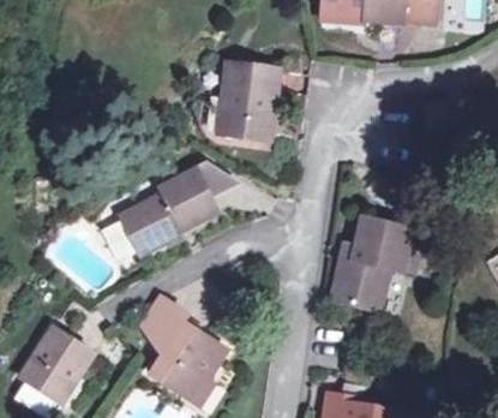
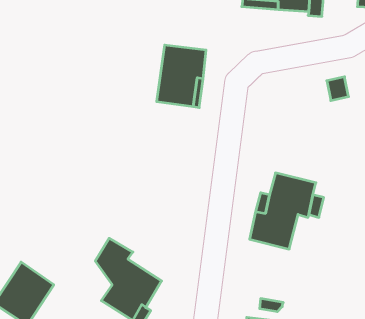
building: [119,161,234,253] -> none

